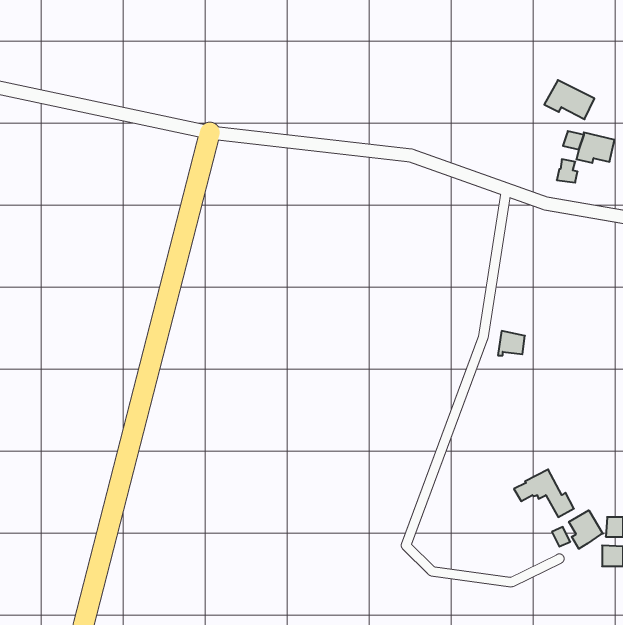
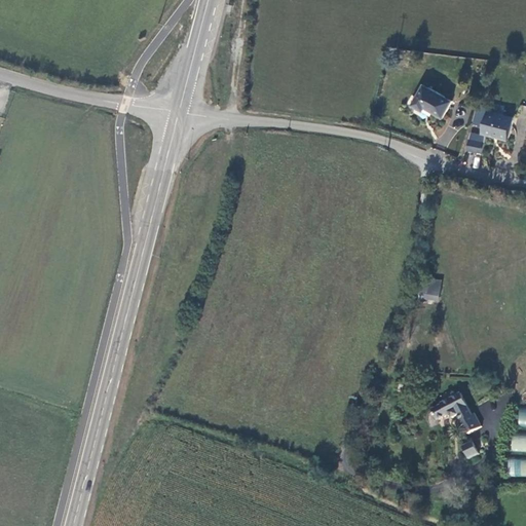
building: [544,80,594,119] -> [411,86,453,119]
building: [569,510,603,549] -> none

